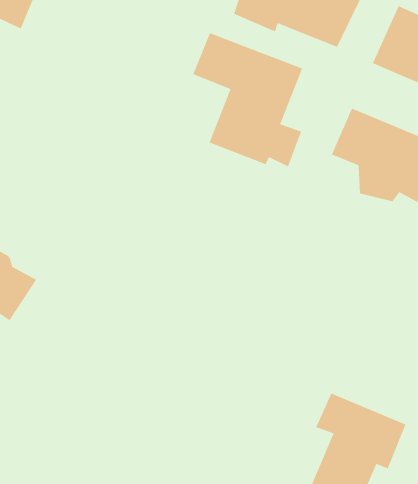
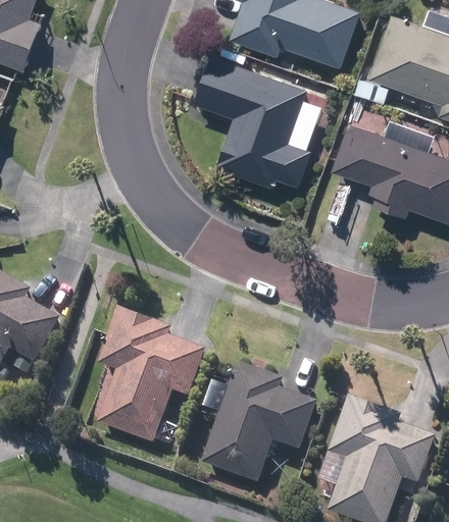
building: none -> [101,314,210,441]
building: none -> [206,368,312,480]

